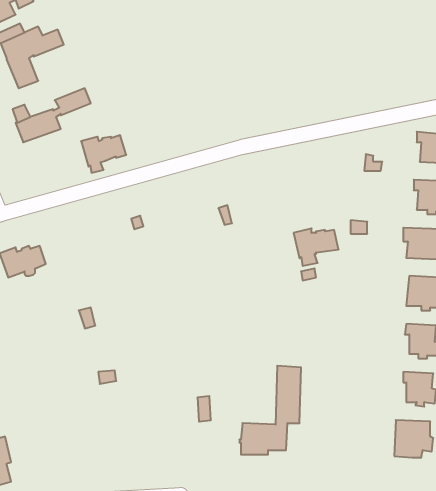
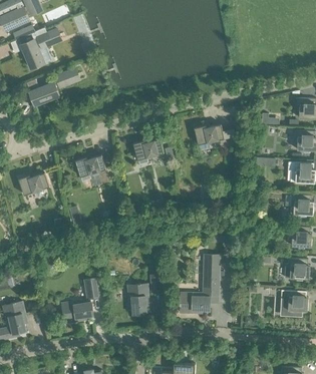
building: [81,135,126,173] -> [74,155,104,180]
building: none -> [132,139,163,163]
building: [294,228,339,266] -> [193,124,223,149]
building: none -> [61,277,99,323]
building: none -> [126,283,147,314]

